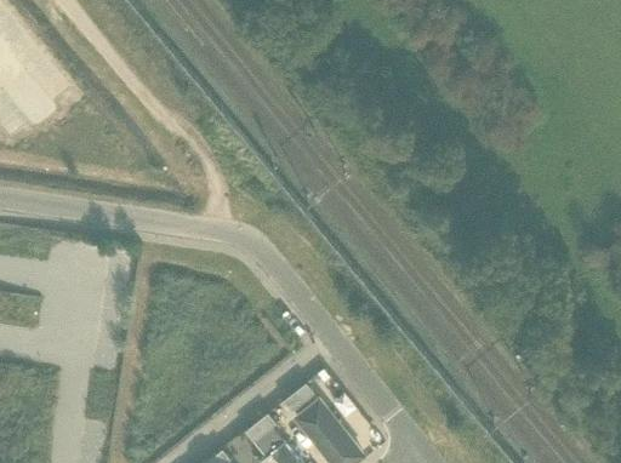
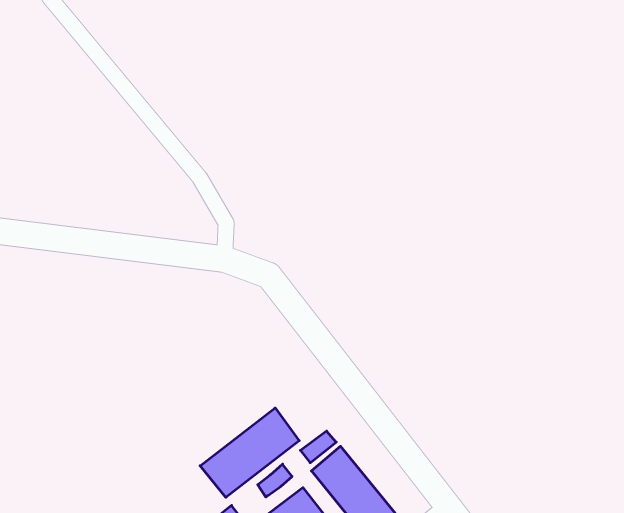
building: none -> [200,408,299,497]

